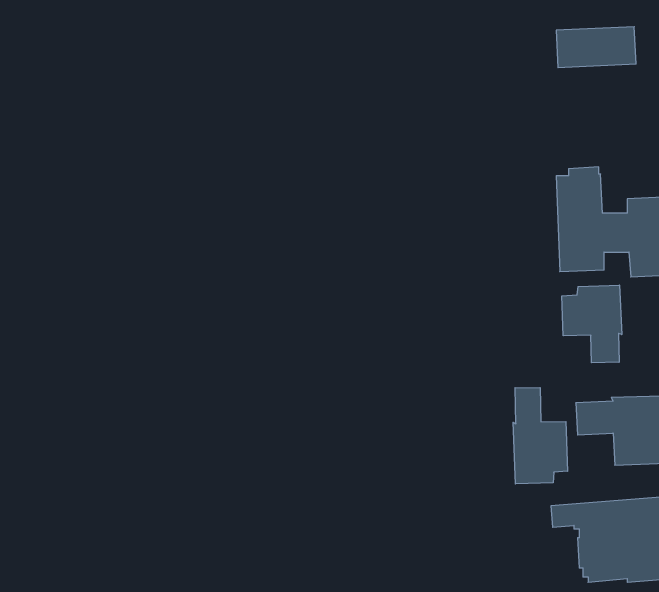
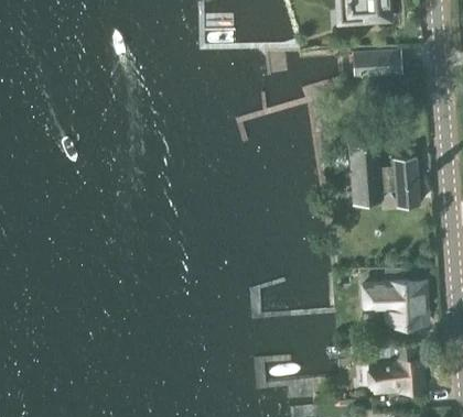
building: [562,285,622,363] -> none
building: [513,388,568,484] -> none

